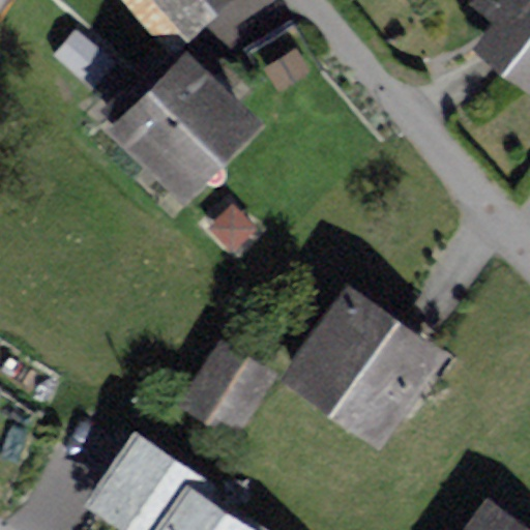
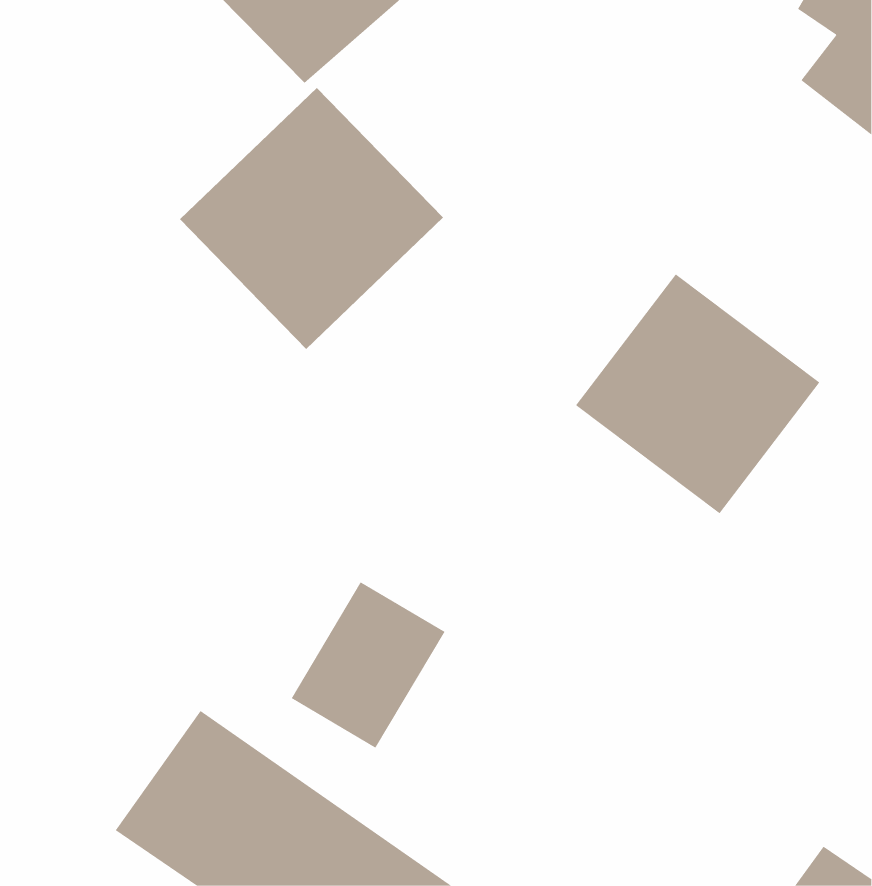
building: none -> [575,273,820,514]
building: [279,285,447,451] -> none

